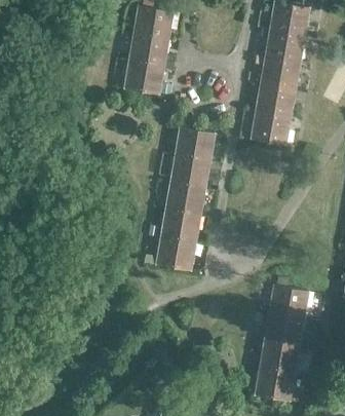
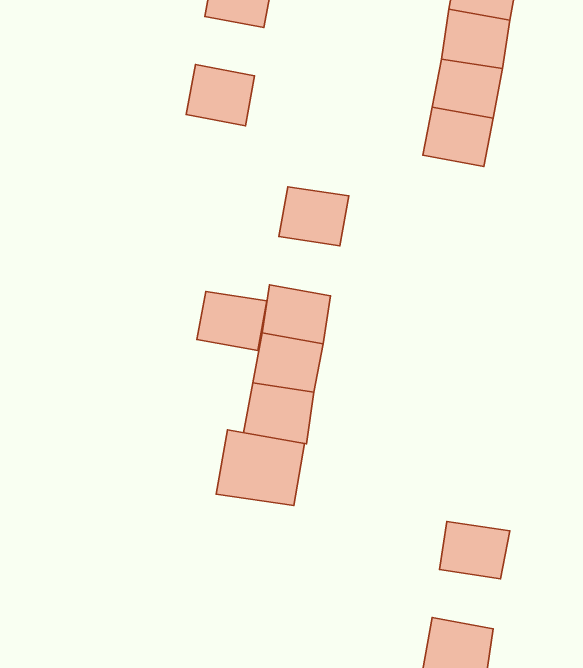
building: [128,34,166,67] -> none
building: [251,111,289,145] -> none
building: [169,156,208,189] -> [197,291,267,351]
building: none -> [216,430,305,506]
building: [268,286,307,319] -> none
building: [260,341,298,374] -> none

